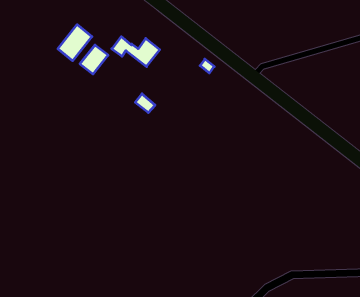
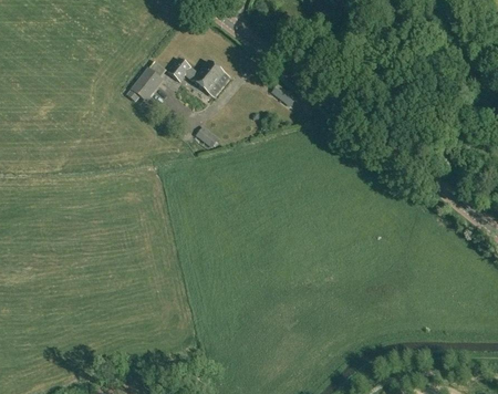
building: [58,25,92,61] -> none

